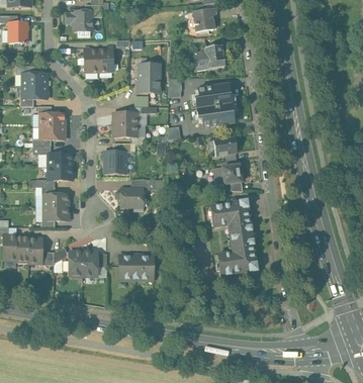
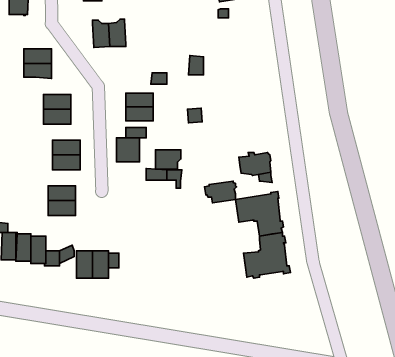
building: [194,46,223,70] -> none
building: [139,64,160,92] -> none
building: [194,82,236,128] -> none
building: [209,136,238,156] -> [205,181,237,203]
building: [121,189,144,206] -> [156,150,181,169]
building: [119,253,154,280] -> none

